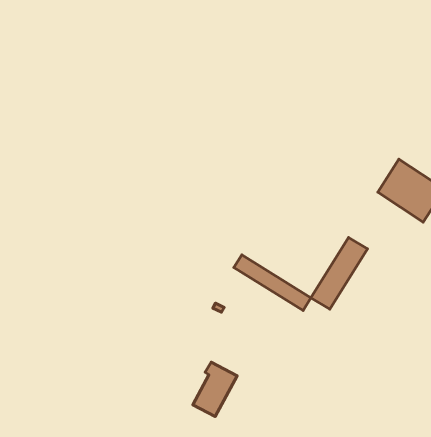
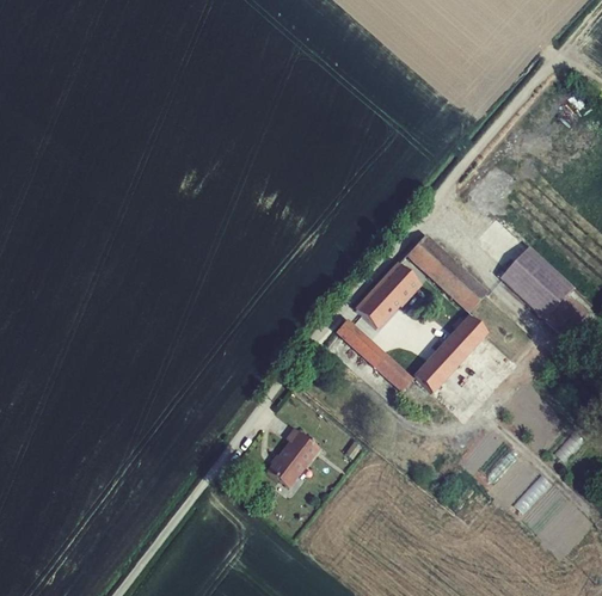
building: none -> [408,235,487,312]
building: none -> [357,264,419,328]

